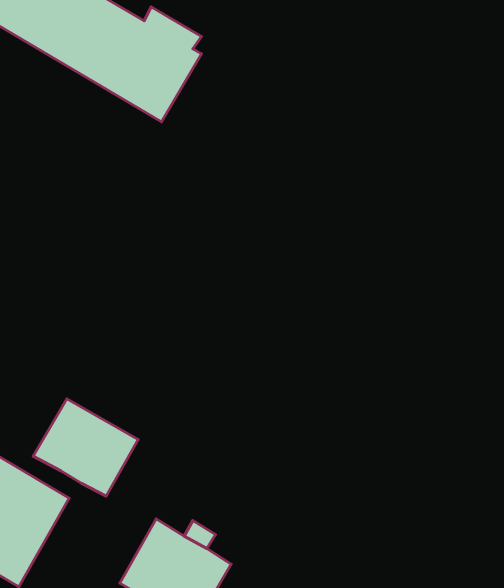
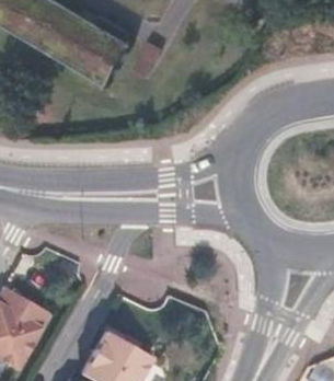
building: [33,399,138,496] -> none

